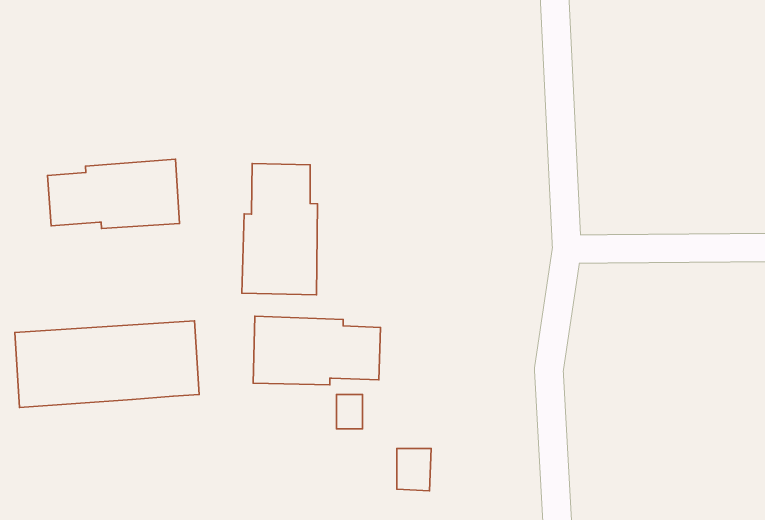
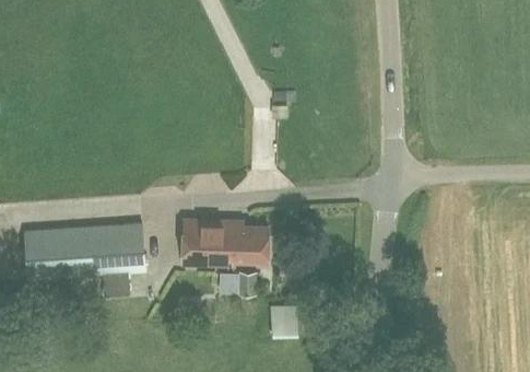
building: [48,159,180,228] -> none
building: [242,164,317,295] -> none

